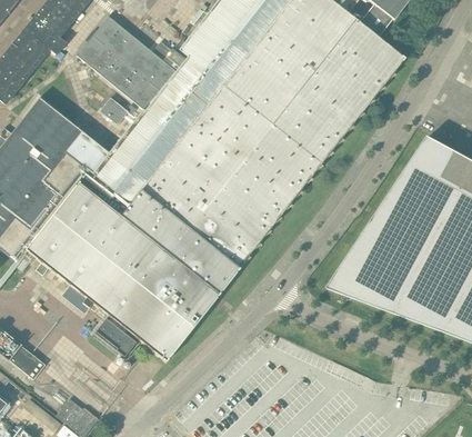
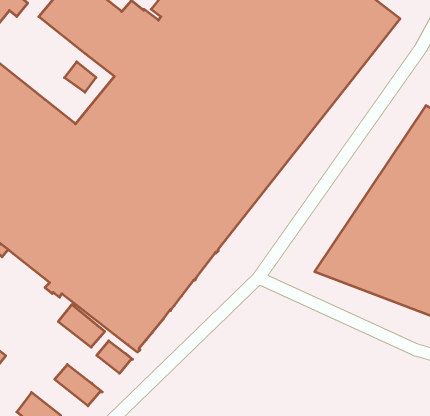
building: none -> [97,341,133,373]
building: none -> [55,364,102,406]

